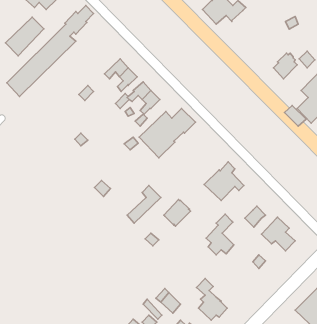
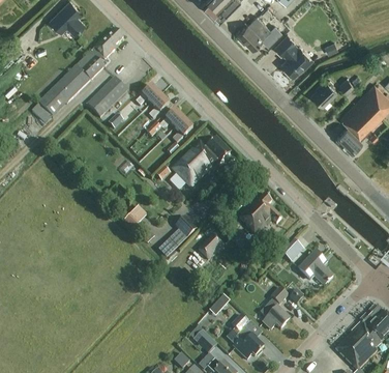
building: none -> [273,34,317,77]
building: [5,17,44,56] -> [86,78,126,118]
building: [206,214,234,255] -> [259,288,288,331]

